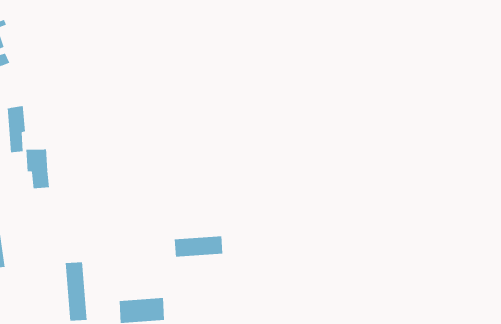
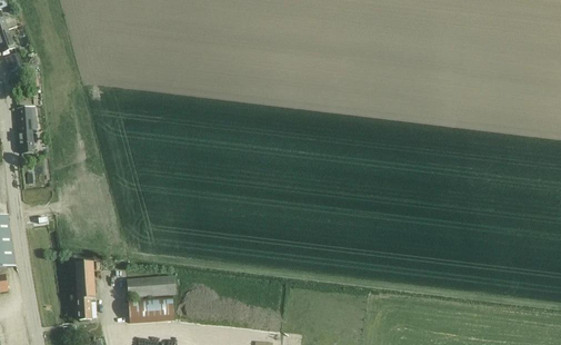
building: [26,148,49,189] -> none
building: [174,236,223,257] -> [127,276,176,297]

